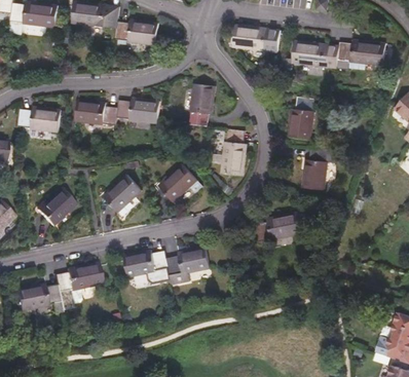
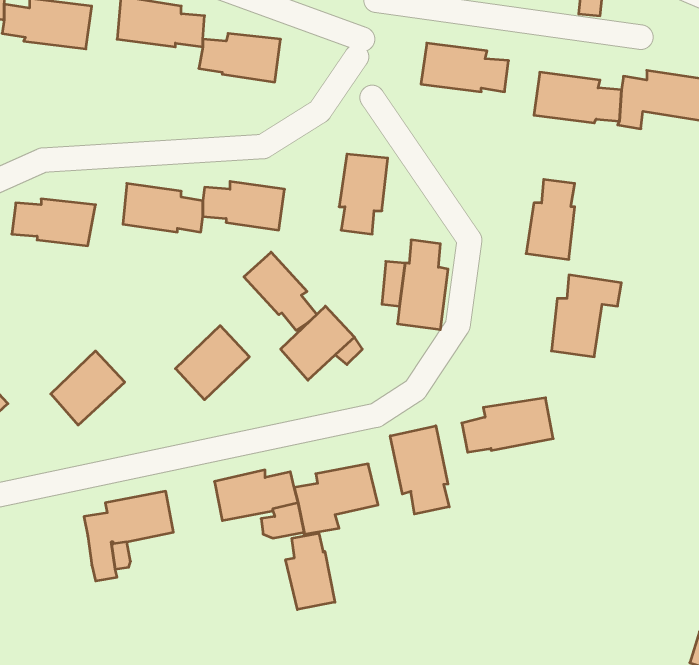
building: none -> [244,252,317,330]
building: none -> [390,426,449,514]
building: none -> [286,533,335,610]
building: [15,284,59,310] -> none

